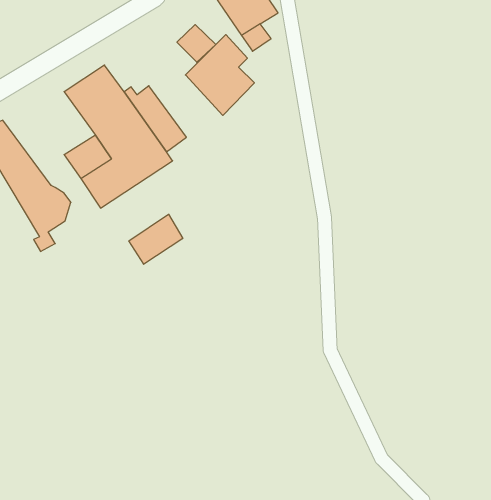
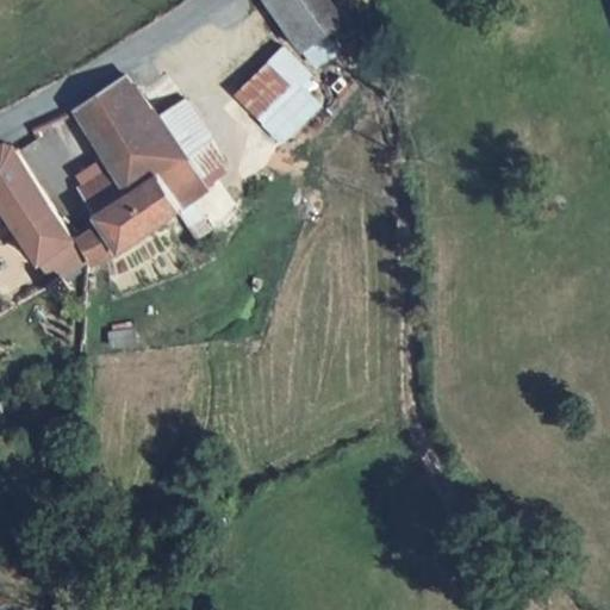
building: [177,25,216,62] -> none
building: [129,214,183,264] -> none

